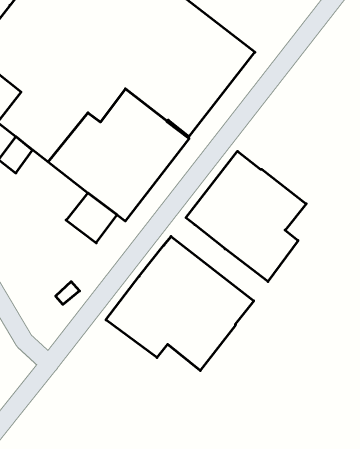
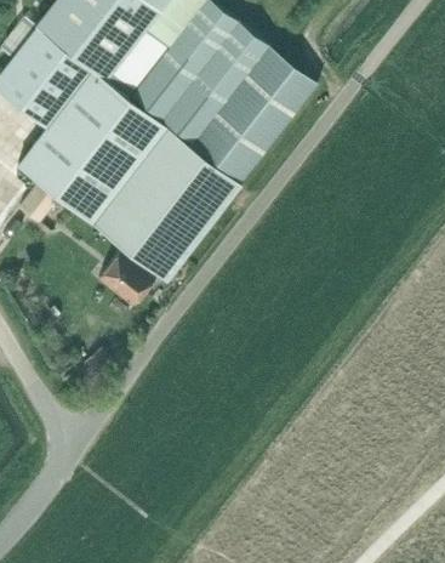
building: [186,151,306,282] -> none
building: [106,236,254,371] -> none

